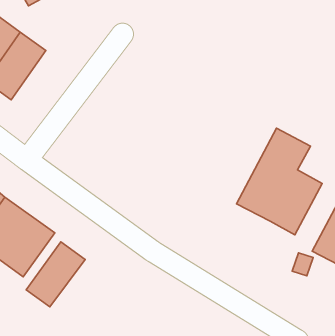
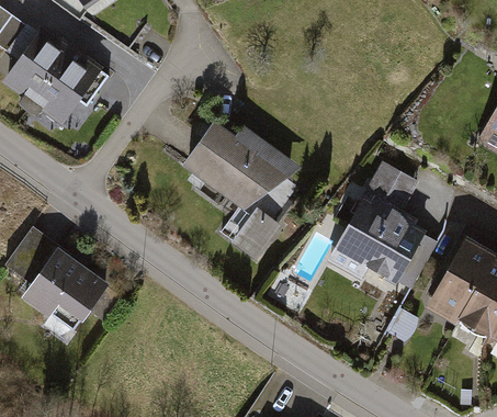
building: none -> [178,121,306,264]
building: [26,242,85,307] -> none

